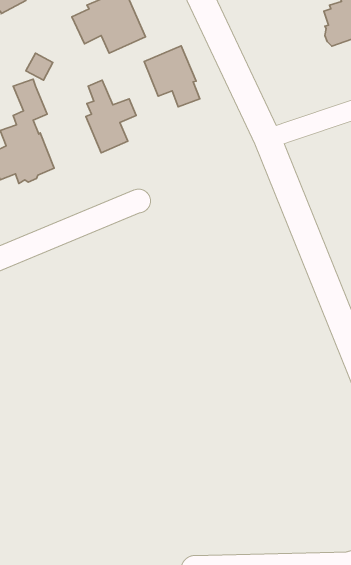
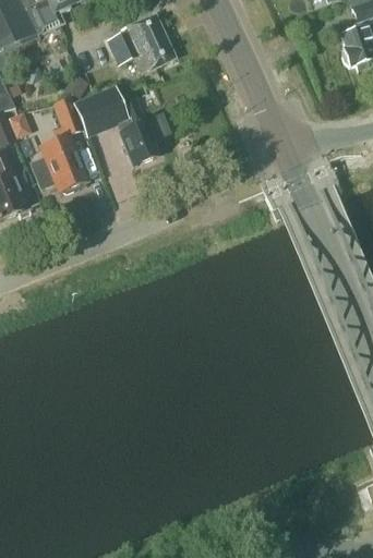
building: [144,46,200,107] -> none
building: none -> [72,85,120,132]

